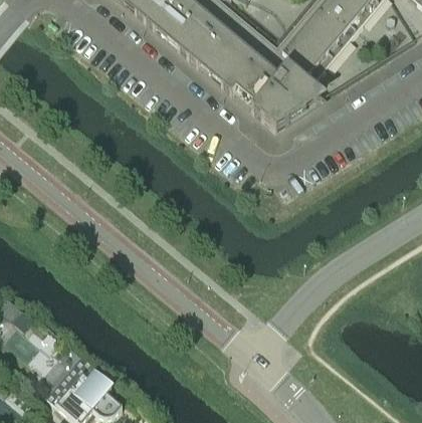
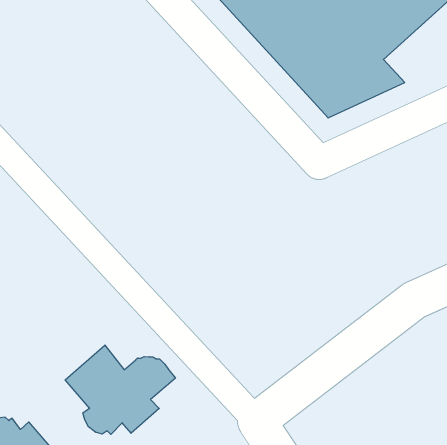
building: none -> [65,345,175,434]

